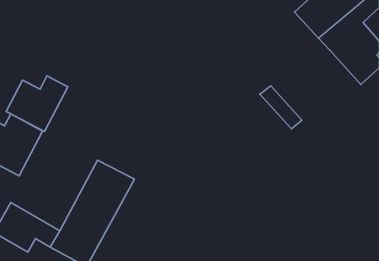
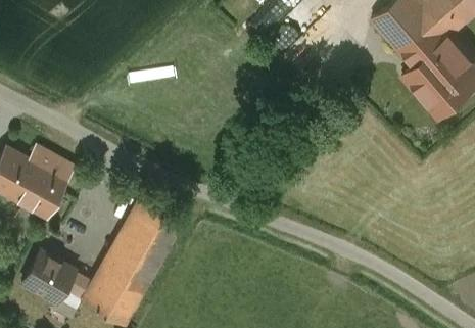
building: [6,76,68,132] -> none
building: [260,86,302,129] -> [401,67,452,119]

